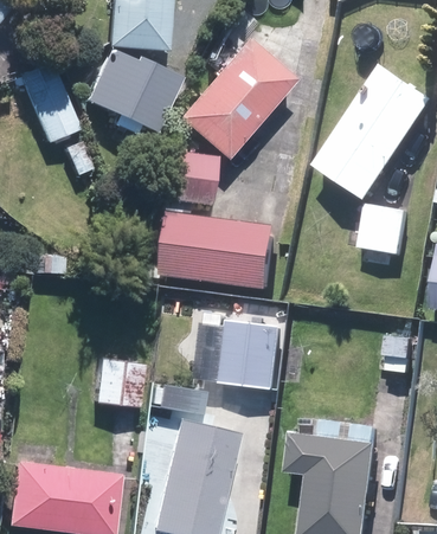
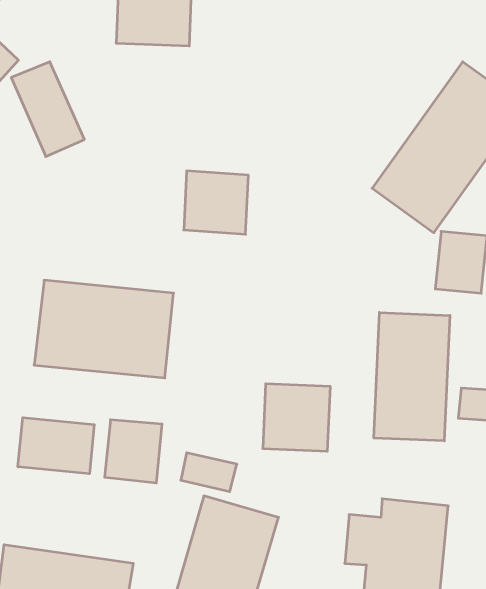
building: [176,34,296,160] -> none
building: [85,49,182,134] -> none
building: [166,211,281,291] -> [34,280,174,378]
building: none -> [374,312,450,441]
building: none -> [18,418,94,474]

